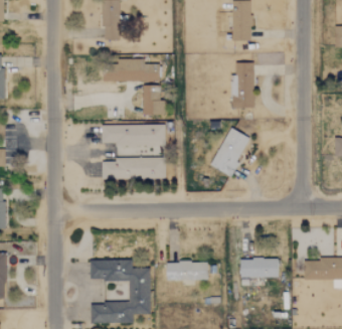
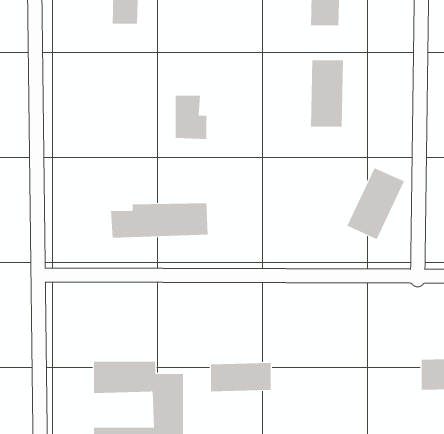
building: [103,61,159,81] -> none
building: [102,124,166,146] -> none
building: [211,128,249,175] -> [346,167,405,240]
building: [240,259,278,277] -> none

